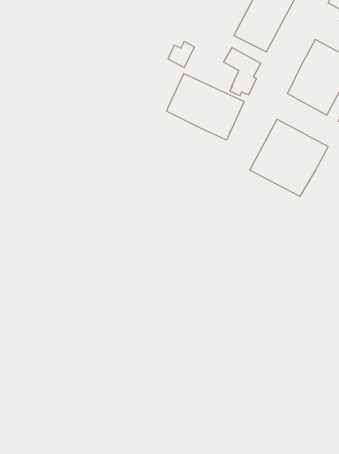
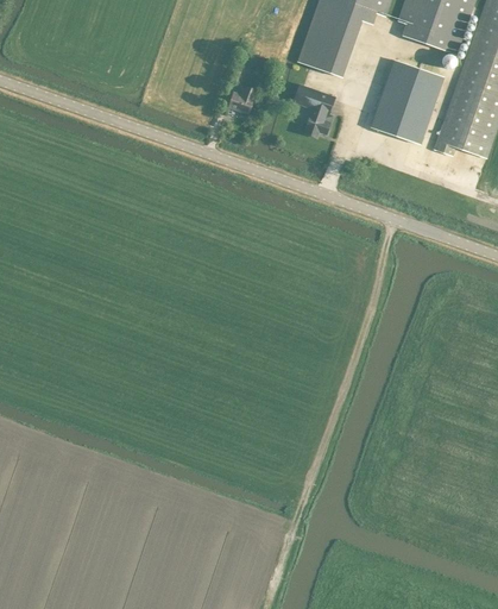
building: [167,73,244,140] -> none
building: [250,119,328,197] -> none

